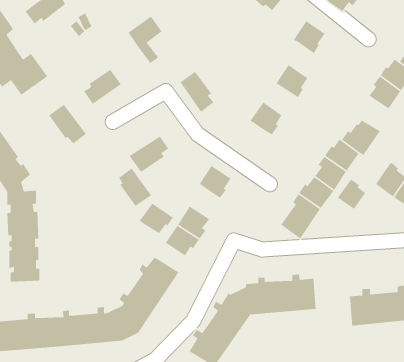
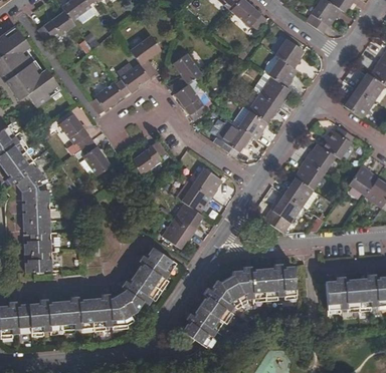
building: none -> [170,52,202,93]
building: none -> [267,57,298,88]
building: none -> [114,61,149,95]
building: none -> [249,94,280,122]
building: none -> [221,123,252,157]
building: [118,167,152,207] -> [80,139,111,174]
building: [337,179,366,210] -> none
building: [139,203,174,234] -> [180,183,211,212]

